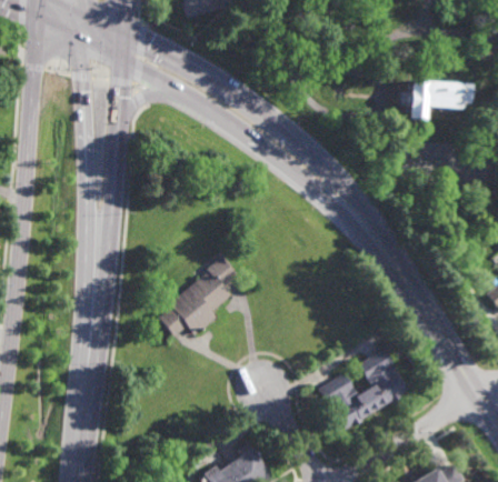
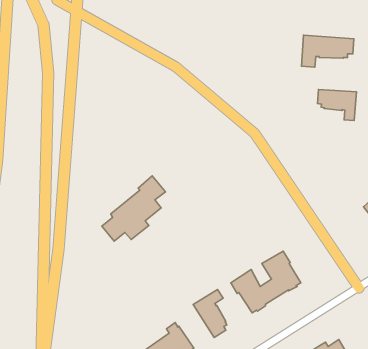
building: none -> [317,89,356,121]
building: none -> [193,290,227,337]

